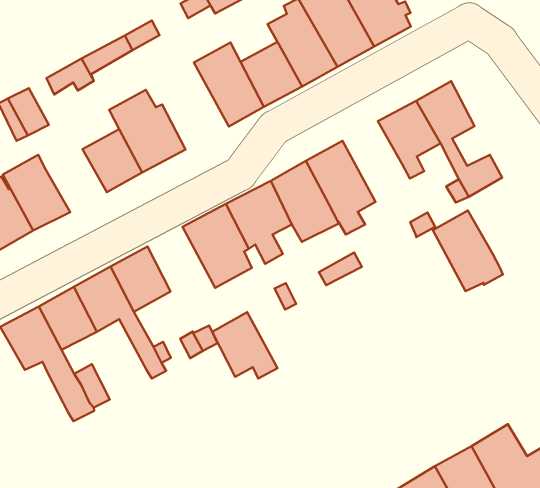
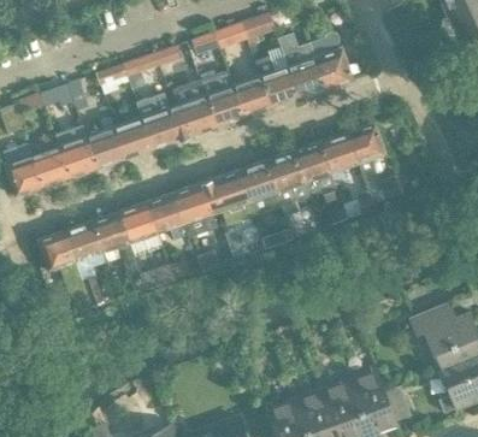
building: none -> [172,79,217,138]
building: none -> [85,118,125,169]
building: [433,210,503,291] -> [294,141,337,196]
building: [212,312,277,378] -> [147,191,188,238]

